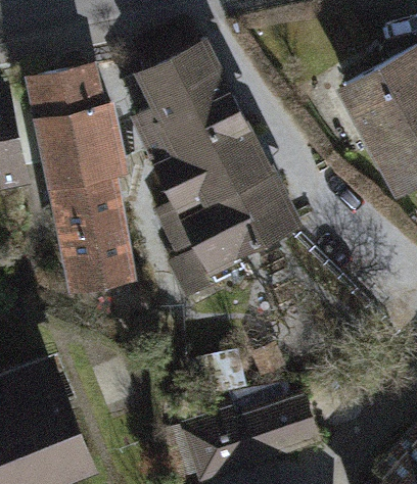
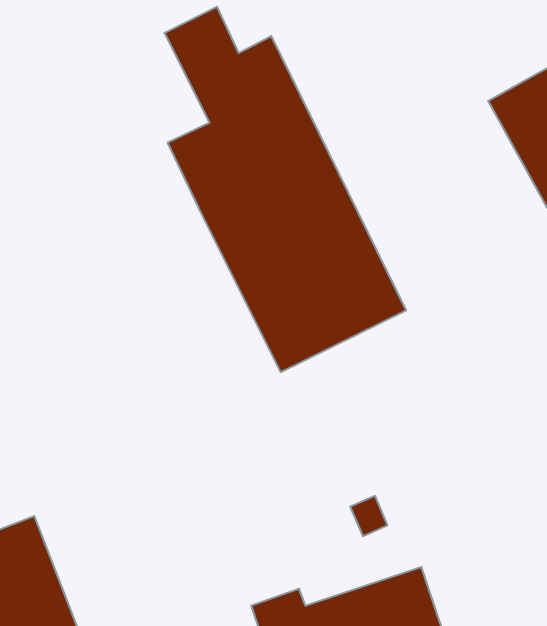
building: [39,80,129,293] -> none

